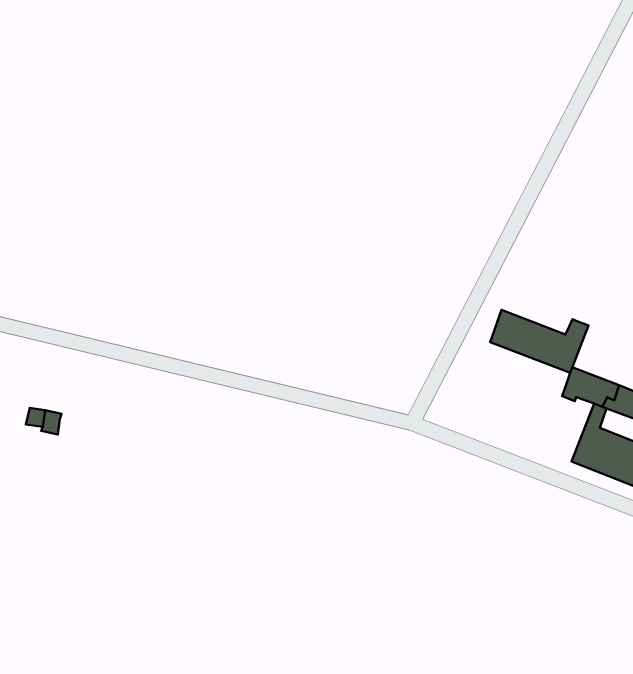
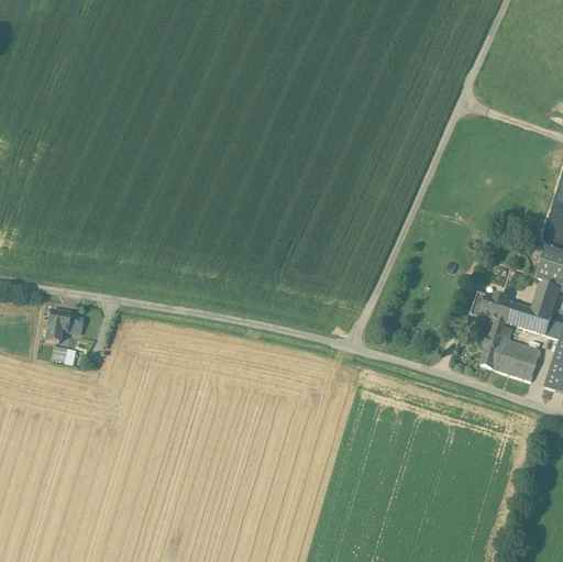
building: [490,310,588,373] -> none
building: none -> [46,311,84,342]

